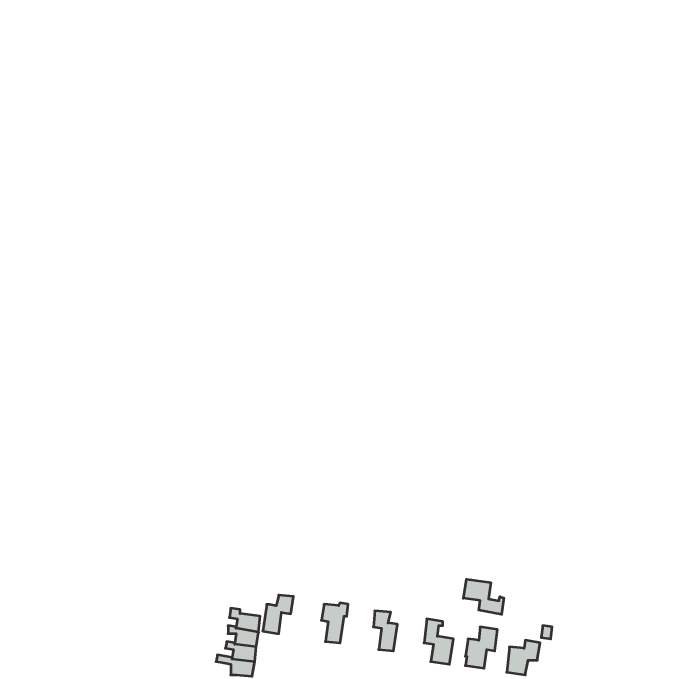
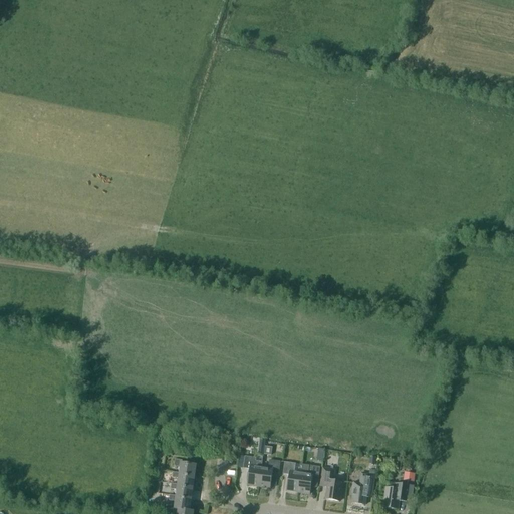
building: [463,579,504,614] -> none
building: [263,595,293,634] -> [256,457,279,486]
building: none -> [296,463,318,492]

